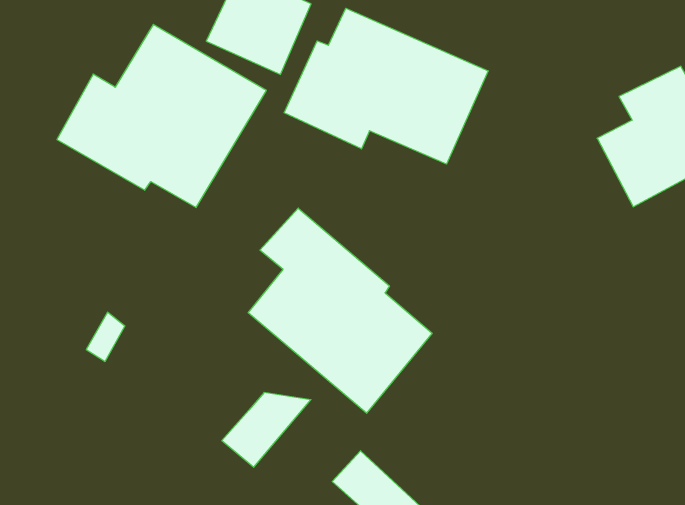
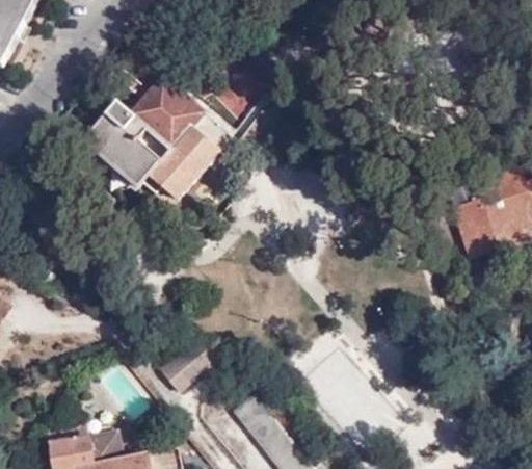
building: [284,8,488,164] -> none
building: [248,208,432,413] -> none

